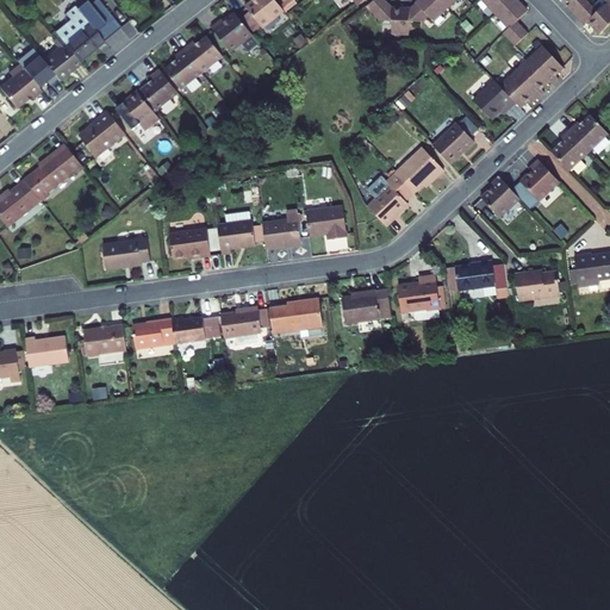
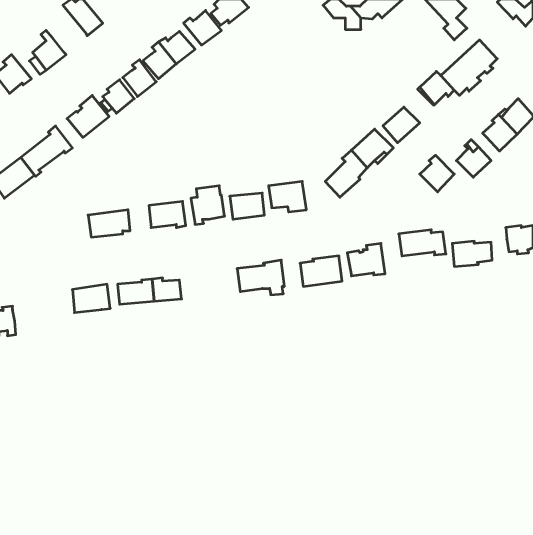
building: [50,5,98,60] -> none
building: [222,305,262,337] -> none
building: [24,336,67,367] -> none

